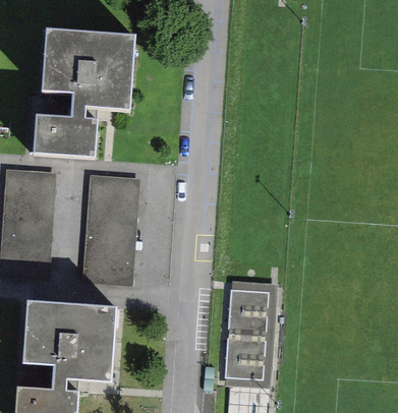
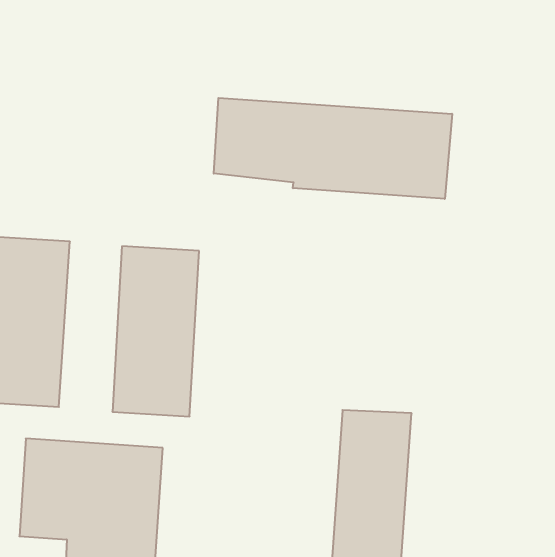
building: [33,26,134,155] -> none
building: none -> [214,98,452,199]

